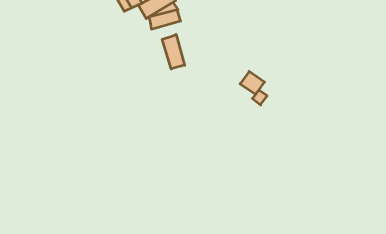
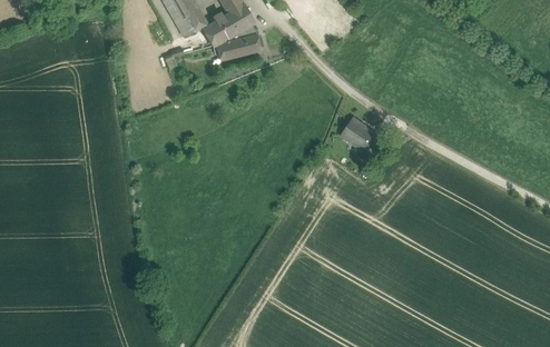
building: [162,34,185,69] -> none

